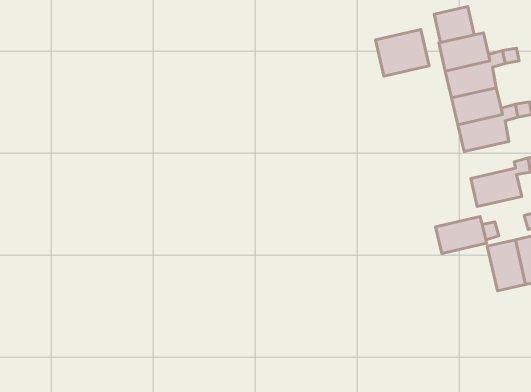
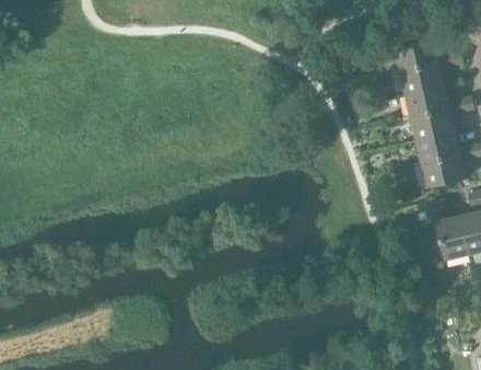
building: [434,7,474,43] -> none
building: [376,30,429,76] -> none
building: [436,216,487,254] -> [415,131,459,163]

